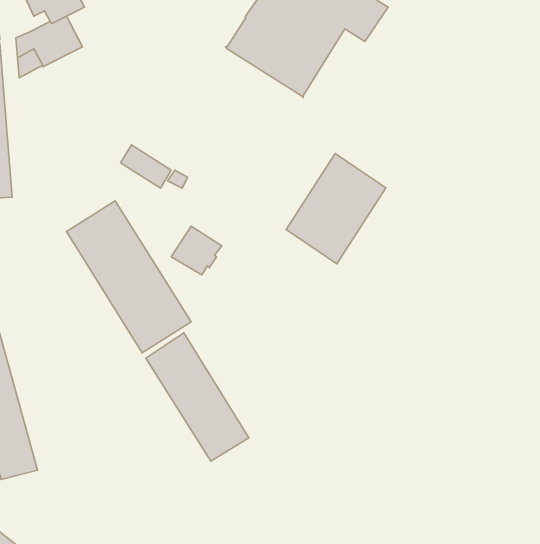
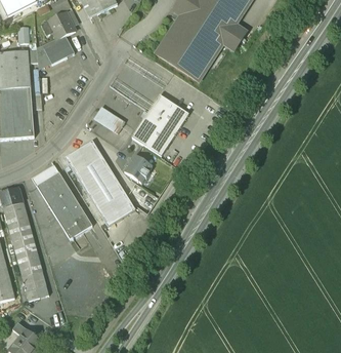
building: [286,154,386,264] -> [132,92,188,155]
building: [146,333,249,461] -> [32,162,90,235]

